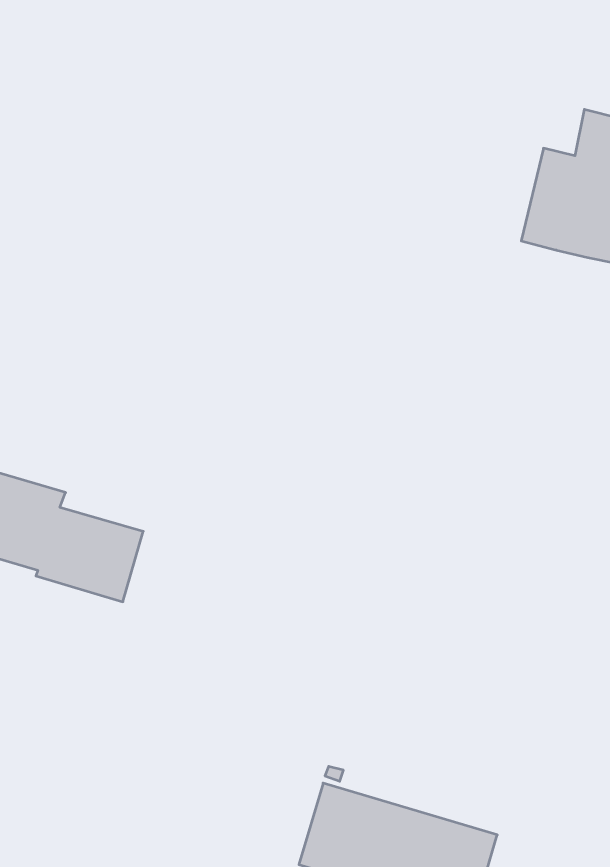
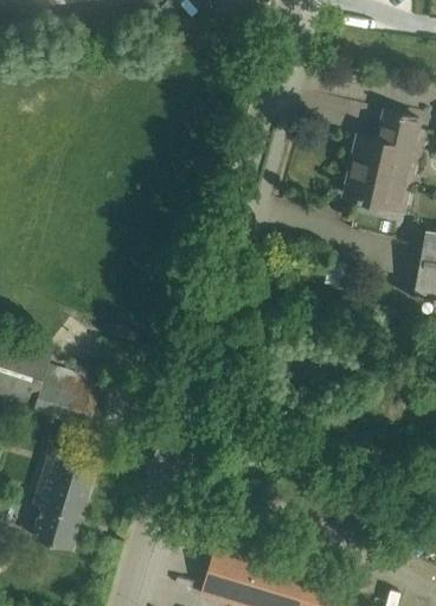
building: none -> [33,455,95,550]

